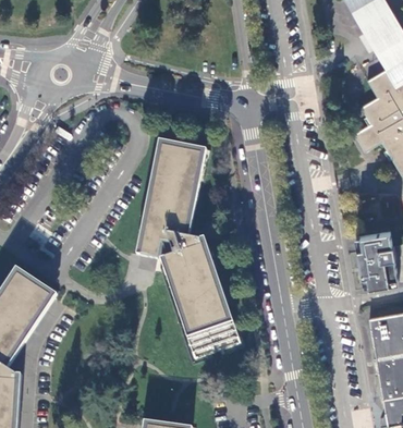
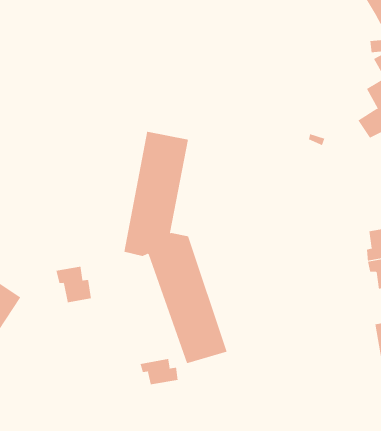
building: none -> [56,266,91,303]
building: none -> [140,358,178,385]

